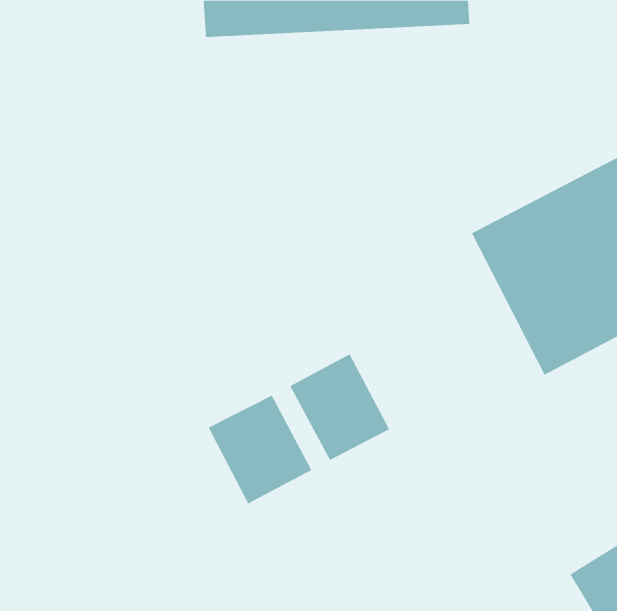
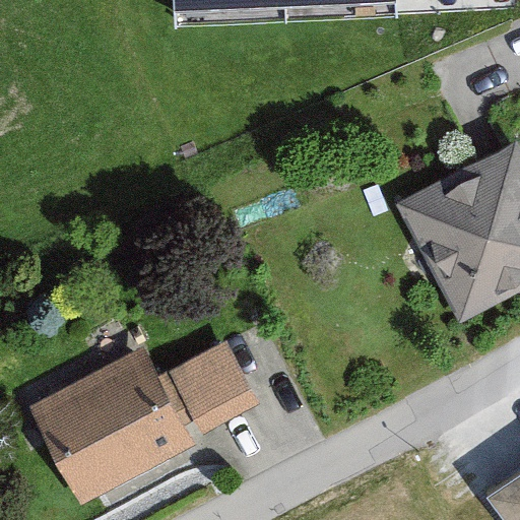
building: [289,353,390,461] -> none
building: none -> [30,344,199,502]

